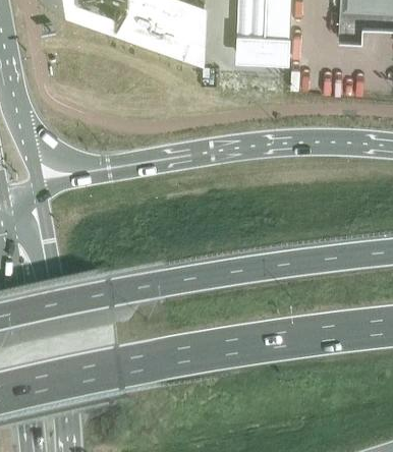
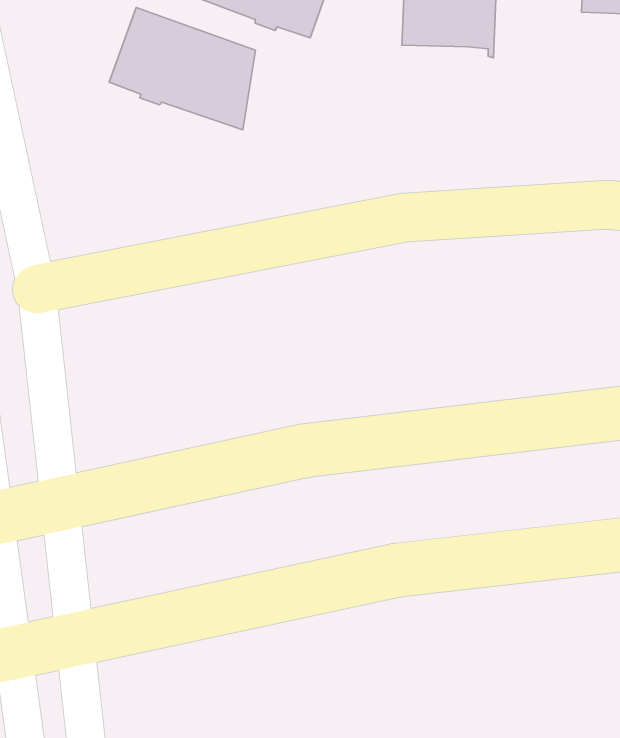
building: none -> [109,8,255,130]

